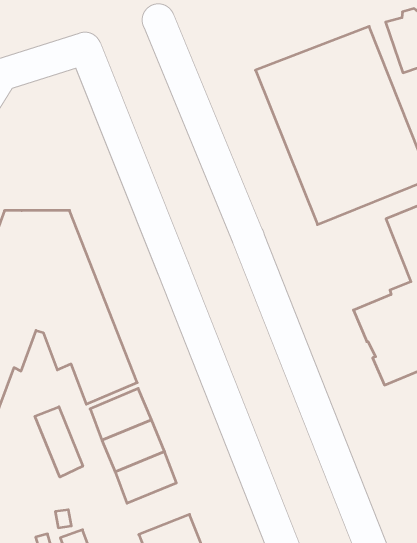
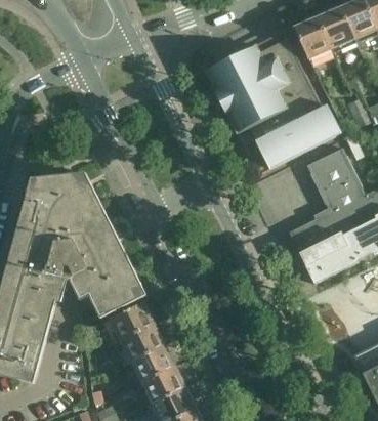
building: [35,407,83,477] -> none
building: none -> [140,366,185,405]

